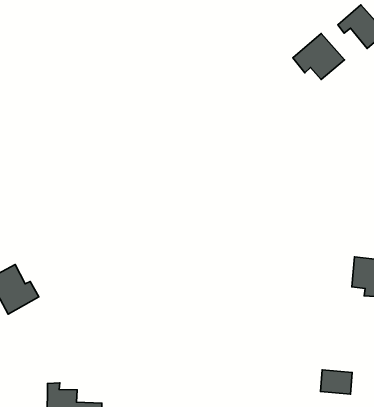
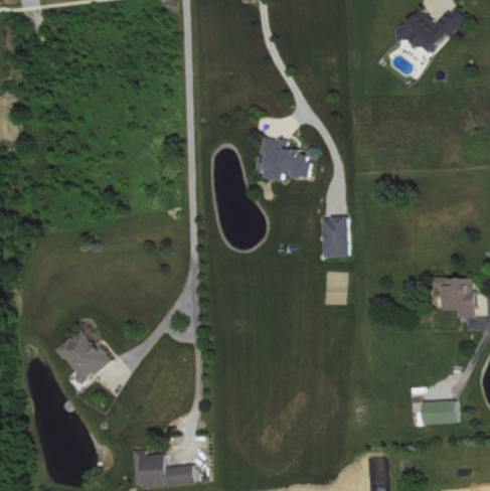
building: [293,34,344,80] -> none
building: none -> [257,137,310,180]
building: none -> [321,216,347,257]

